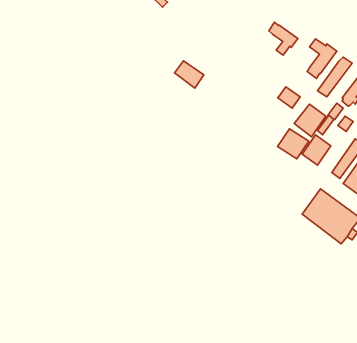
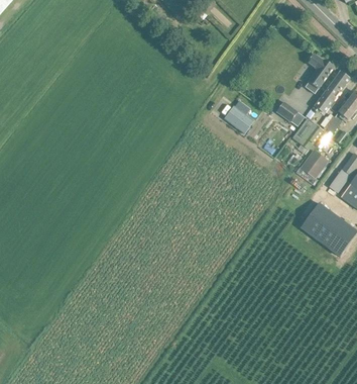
building: [269,22,298,55] -> none
building: [174,61,204,88] -> [225,105,254,132]
building: [278,129,309,159] -> none

